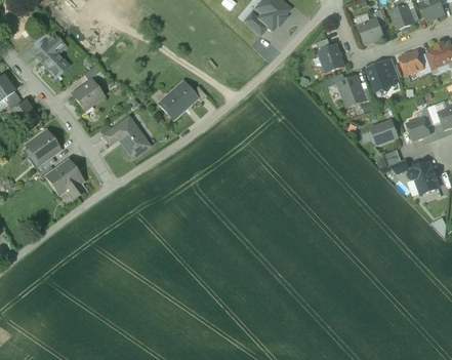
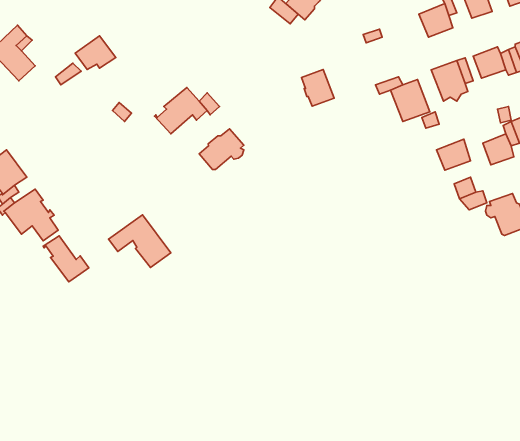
building: [319,44,343,72] -> [301,70,334,106]
building: [73,79,104,105] -> [75,36,116,70]
building: none -> [199,129,244,170]
building: [101,116,149,156] -> [108,215,171,268]
building: none -> [43,236,89,282]

